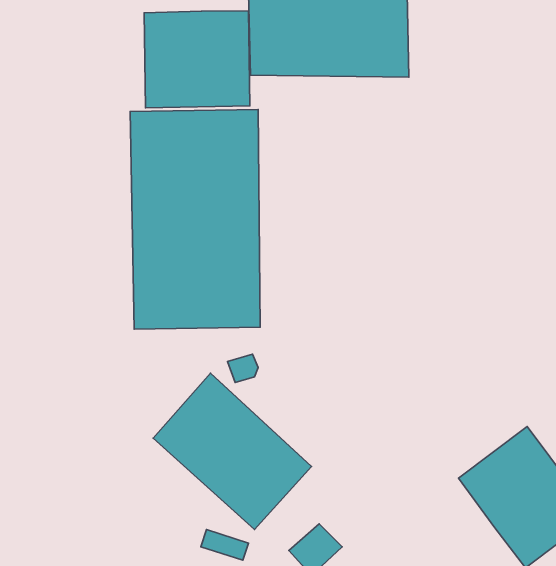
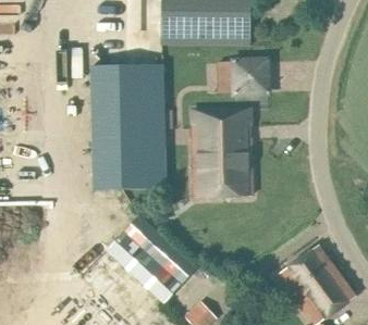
building: [144,11,250,108] -> none
building: none -> [213,55,269,95]
building: none -> [189,105,255,199]

